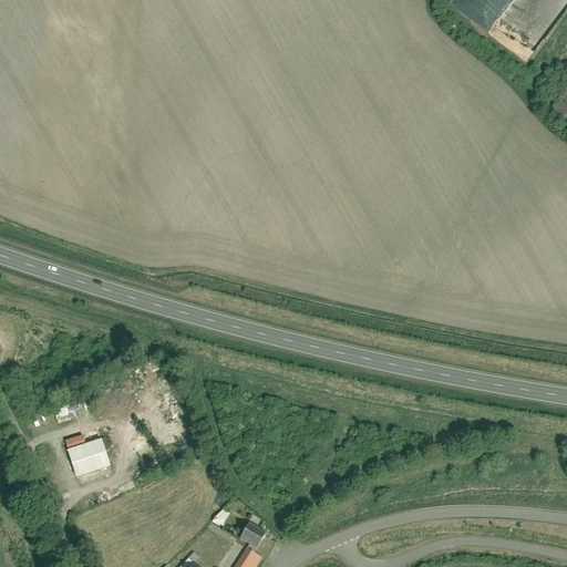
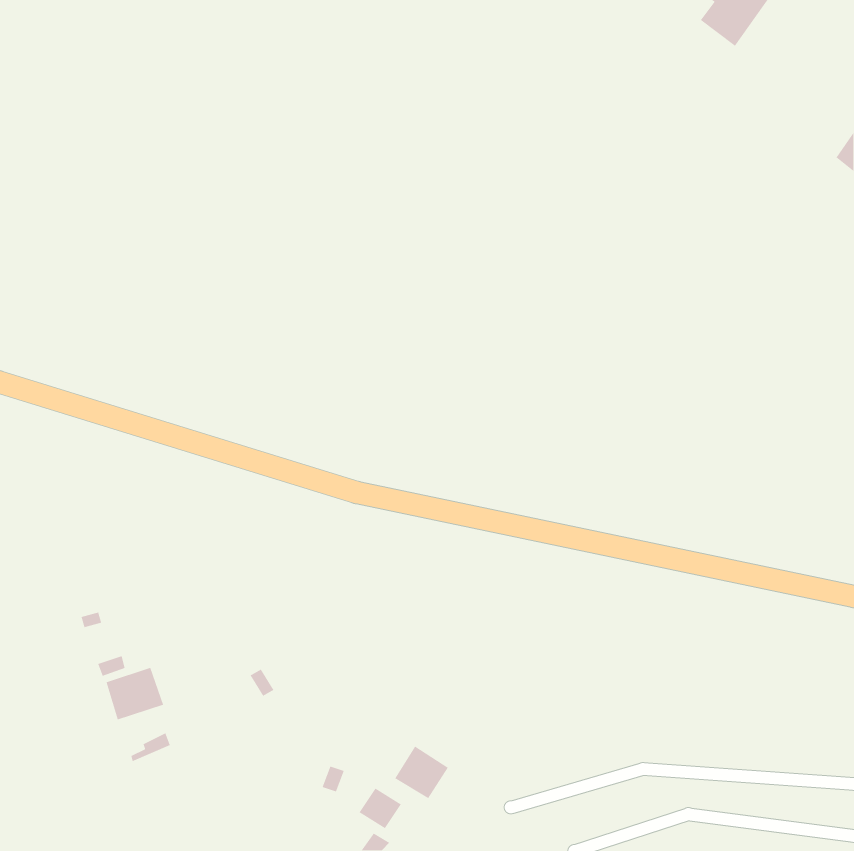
building: none -> [394,745,449,799]

